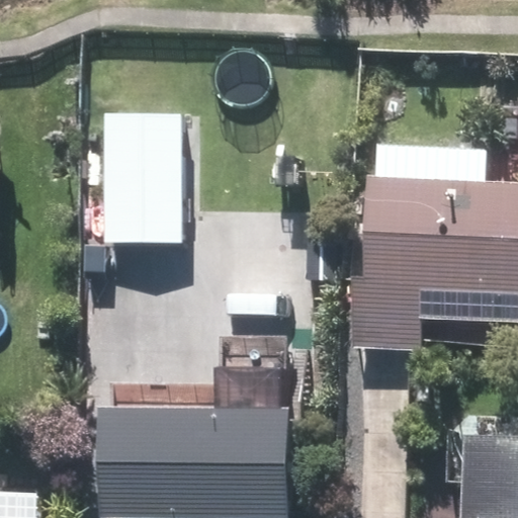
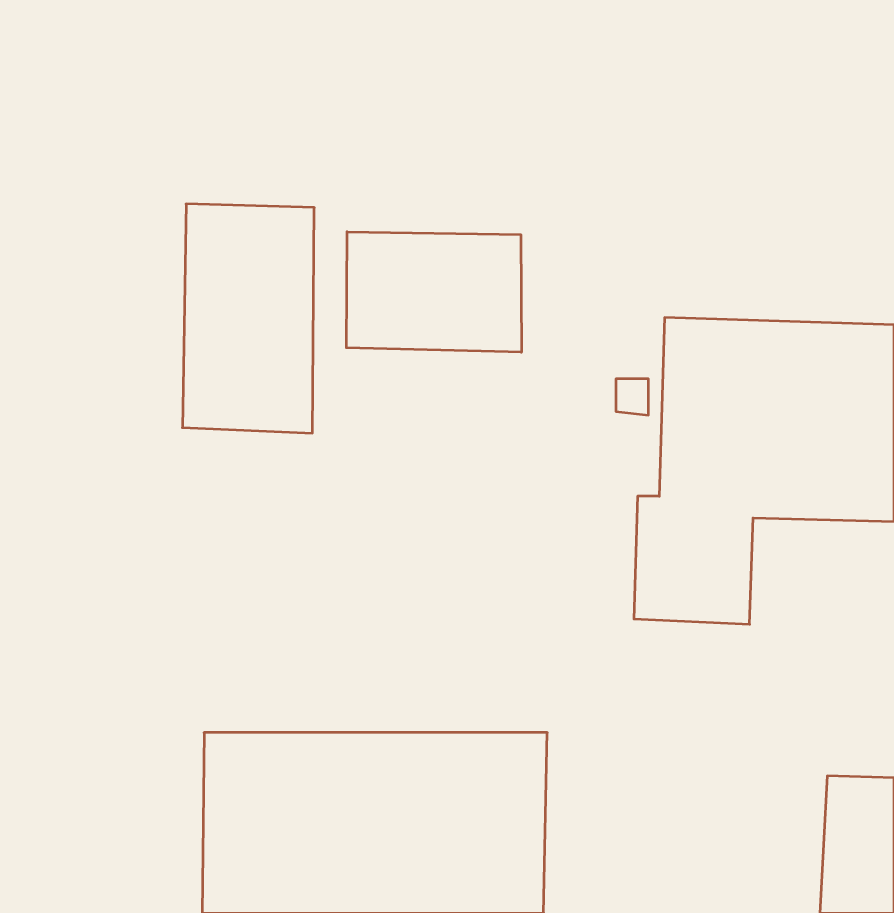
building: none -> [346,232,521,352]

